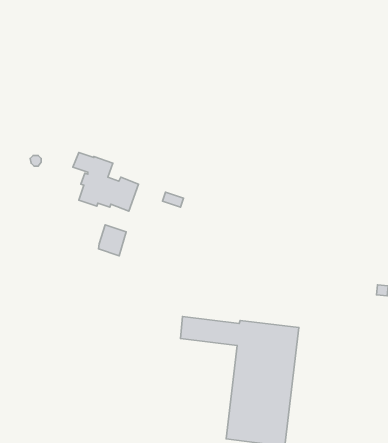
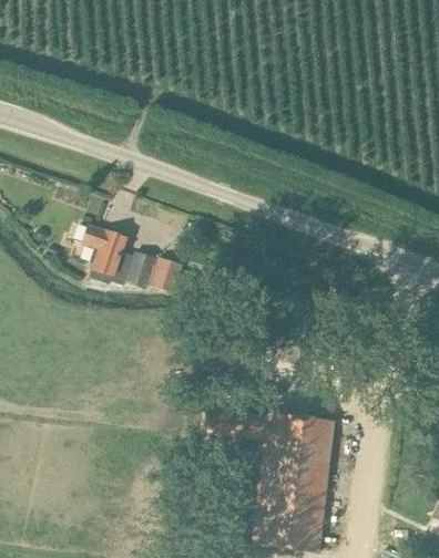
building: [98,225,126,256] -> [151,257,182,291]

